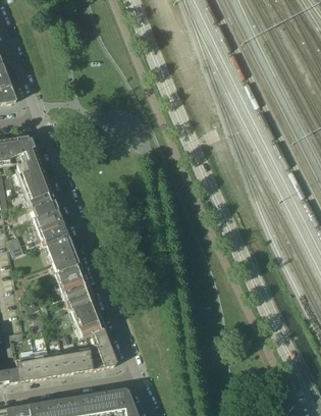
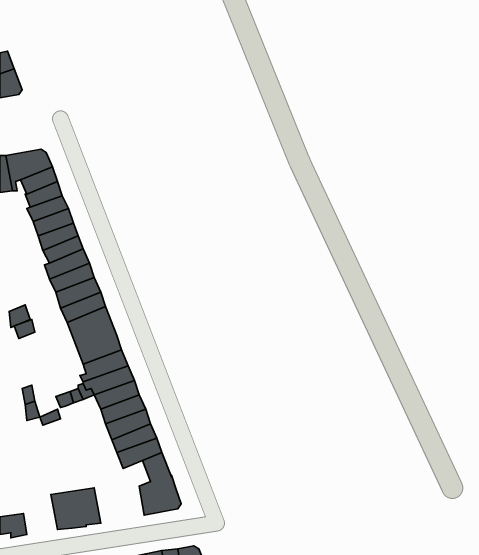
building: [62,346,94,373] -> none
building: [16,355,39,380] -> none

